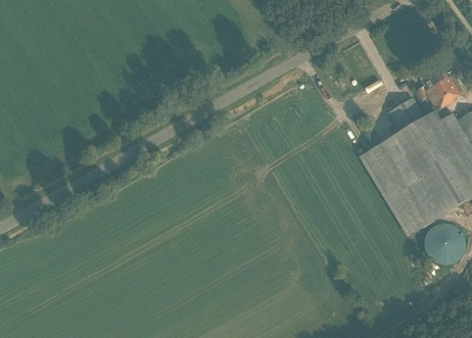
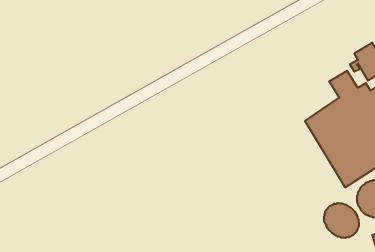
building: none -> [324,203,359,238]

